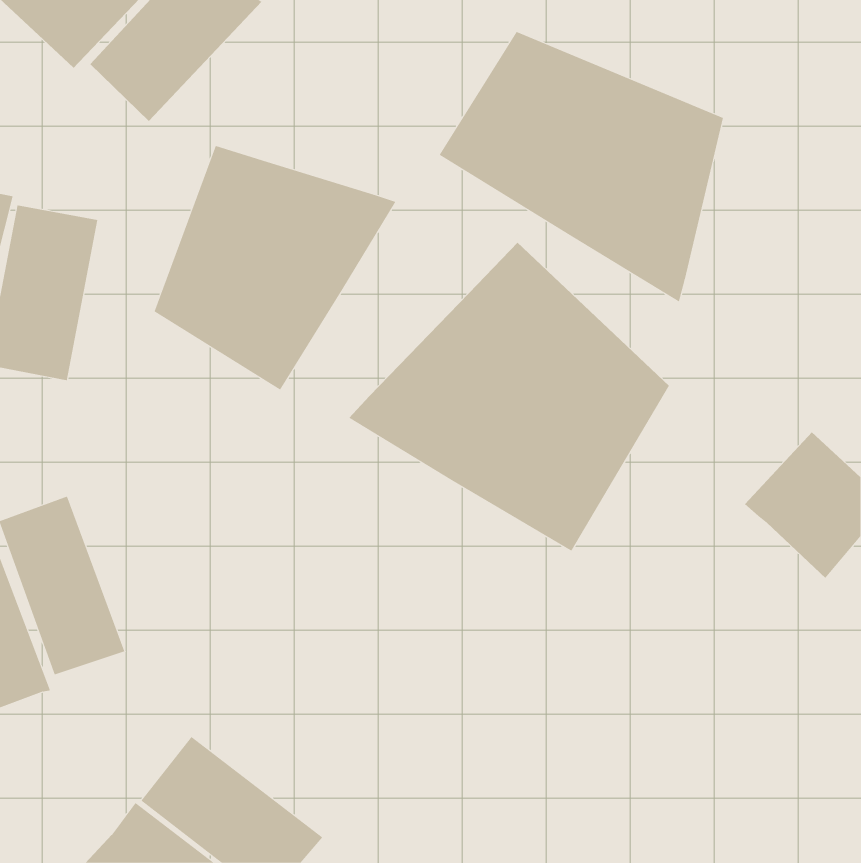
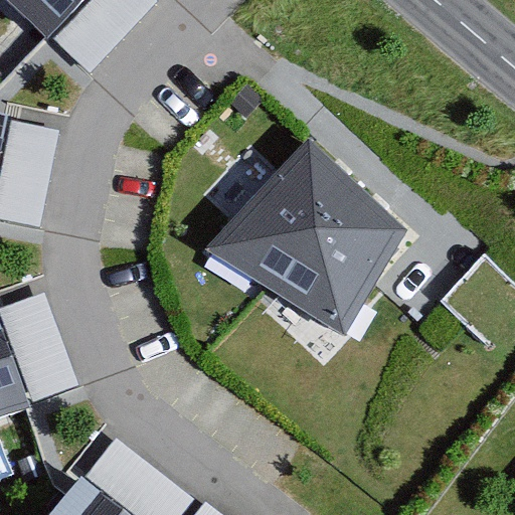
building: [439,31,724,302] -> none
building: [154,145,396,391] -> none

